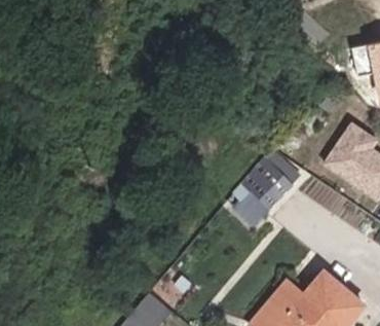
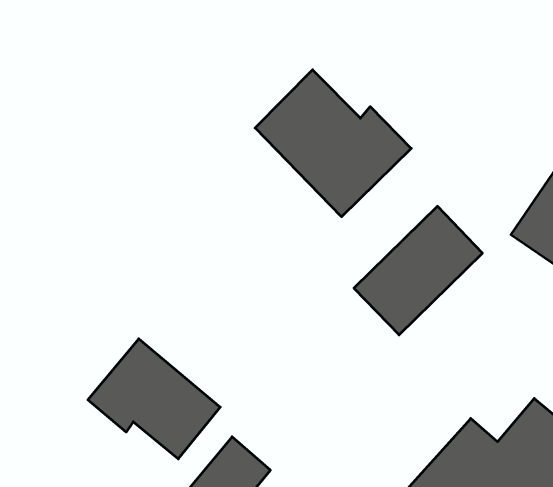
building: none -> [255,70,411,217]
building: none -> [88,339,220,459]

